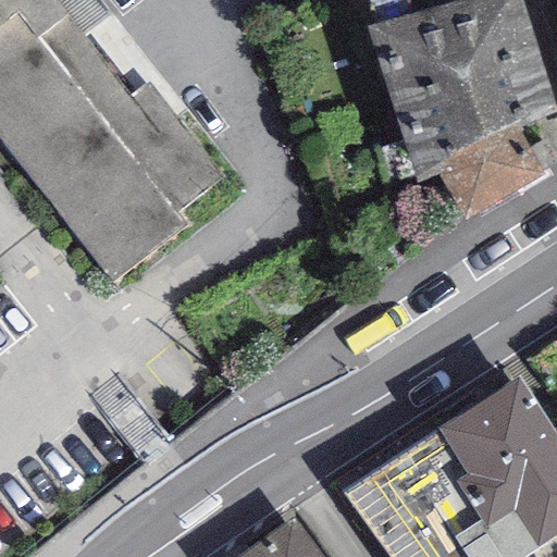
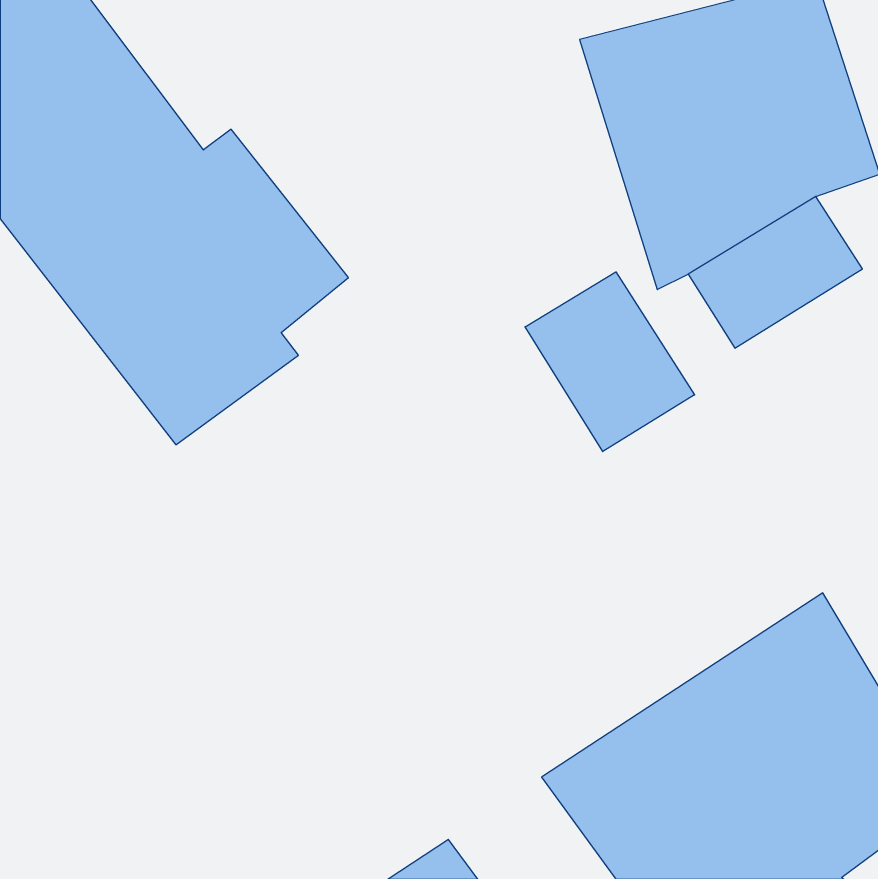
building: none -> [525,272,695,452]

